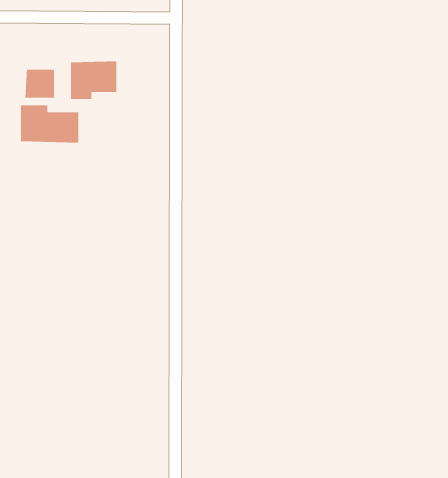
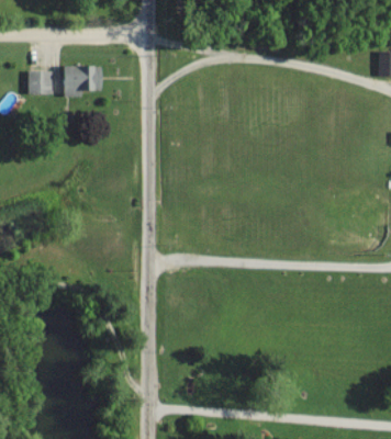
building: [20,105,79,143] -> none

